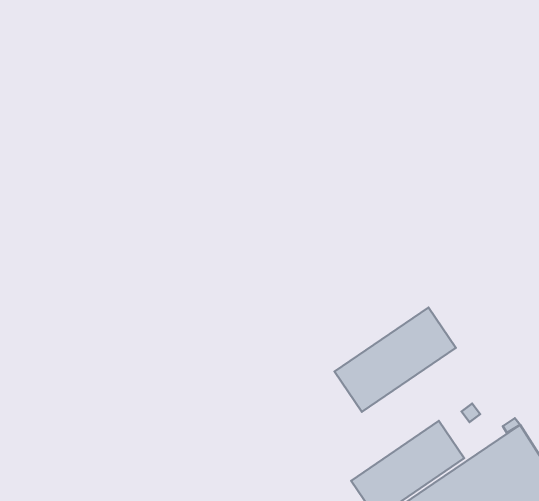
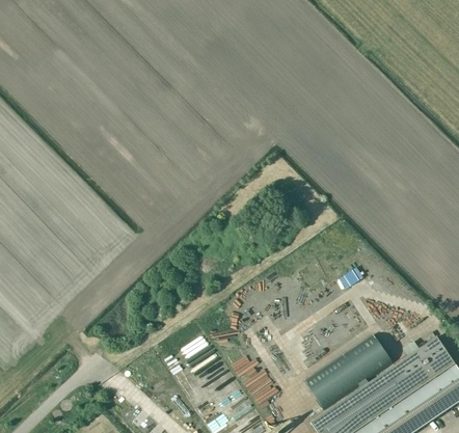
building: [334,308,456,412] -> none

